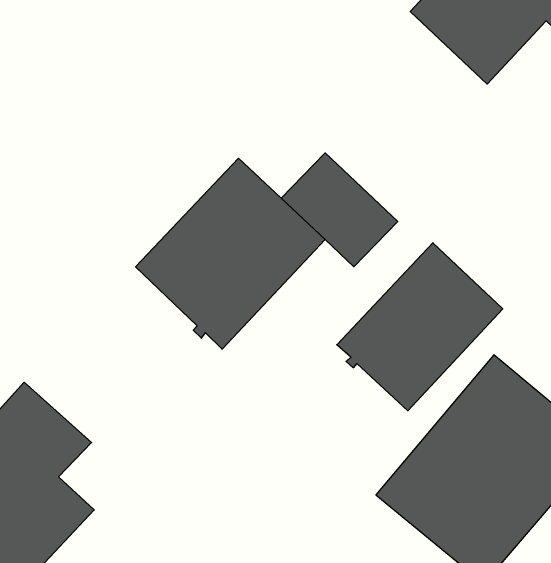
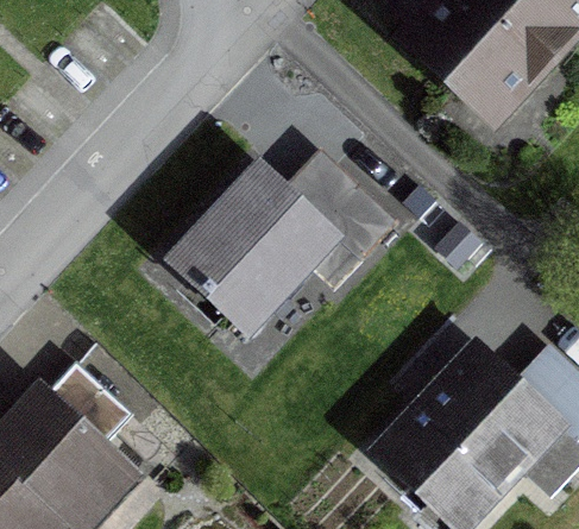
building: [337,243,503,411] -> none

